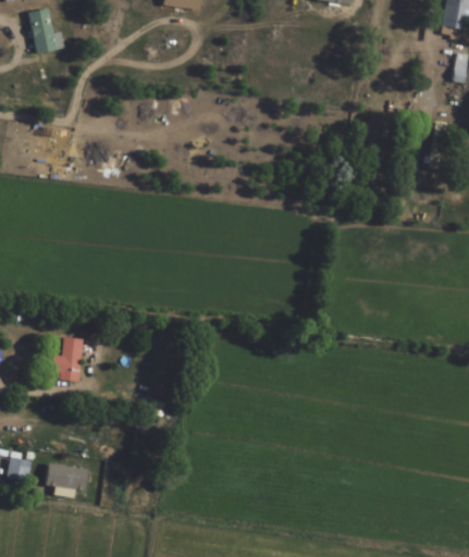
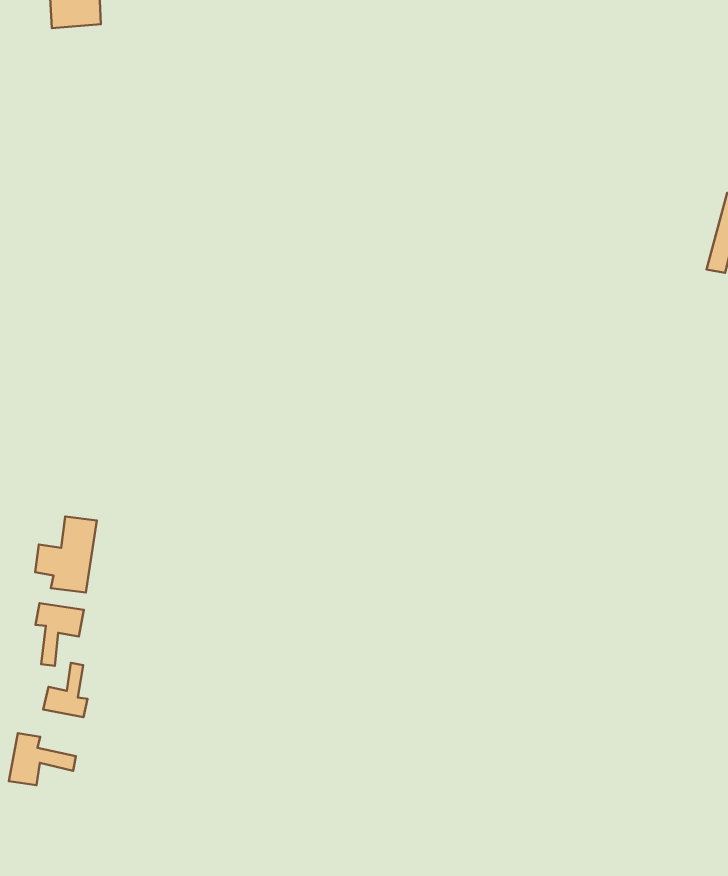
building: none -> [36,603,84,666]
building: none -> [43,663,87,717]

